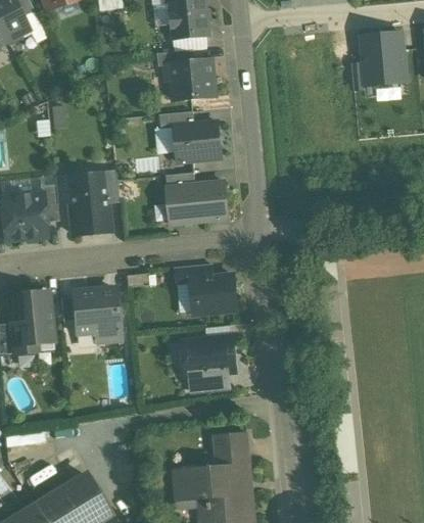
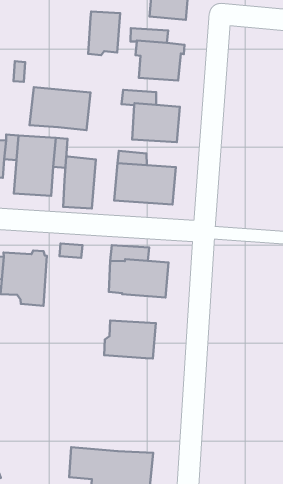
building: none -> [88,12,120,55]
building: none -> [30,87,91,130]
building: none -> [63,157,96,208]
building: [191,372,229,391] -> none
building: [214,432,251,467] -> none

